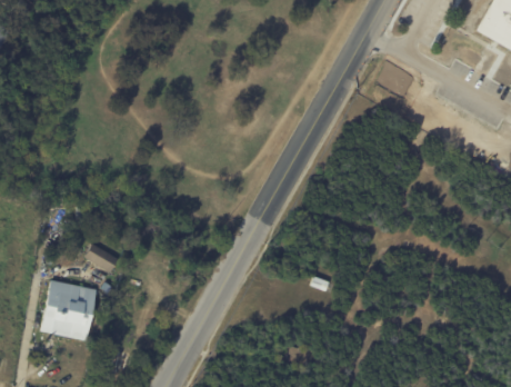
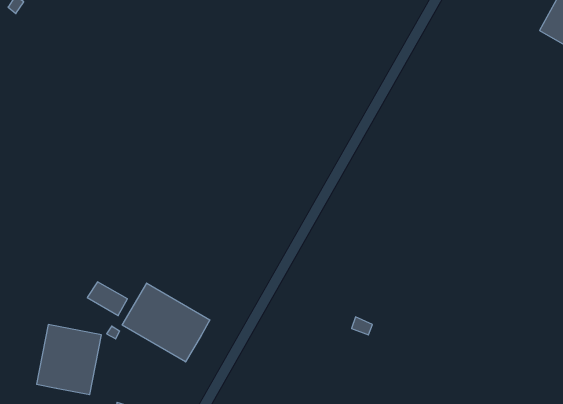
building: none -> [122,283,210,362]

